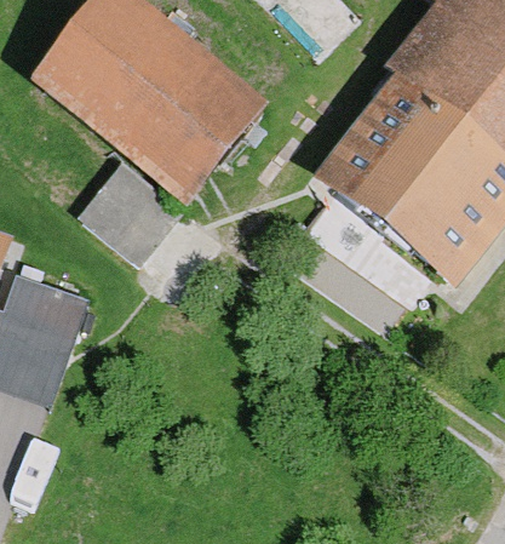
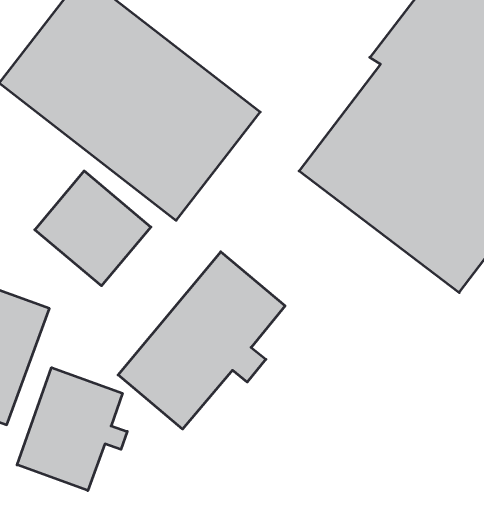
building: none -> [118,252,285,429]
building: none -> [17,368,127,491]

